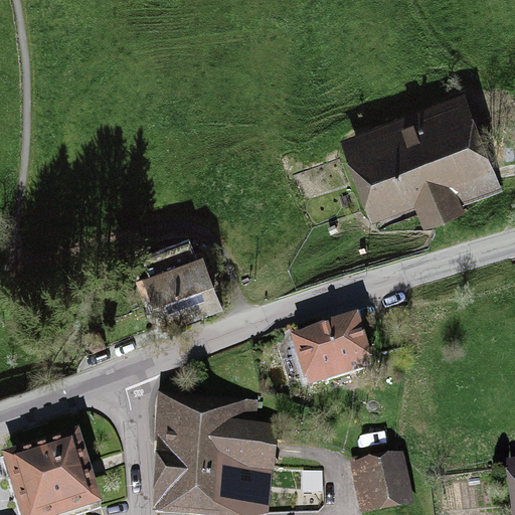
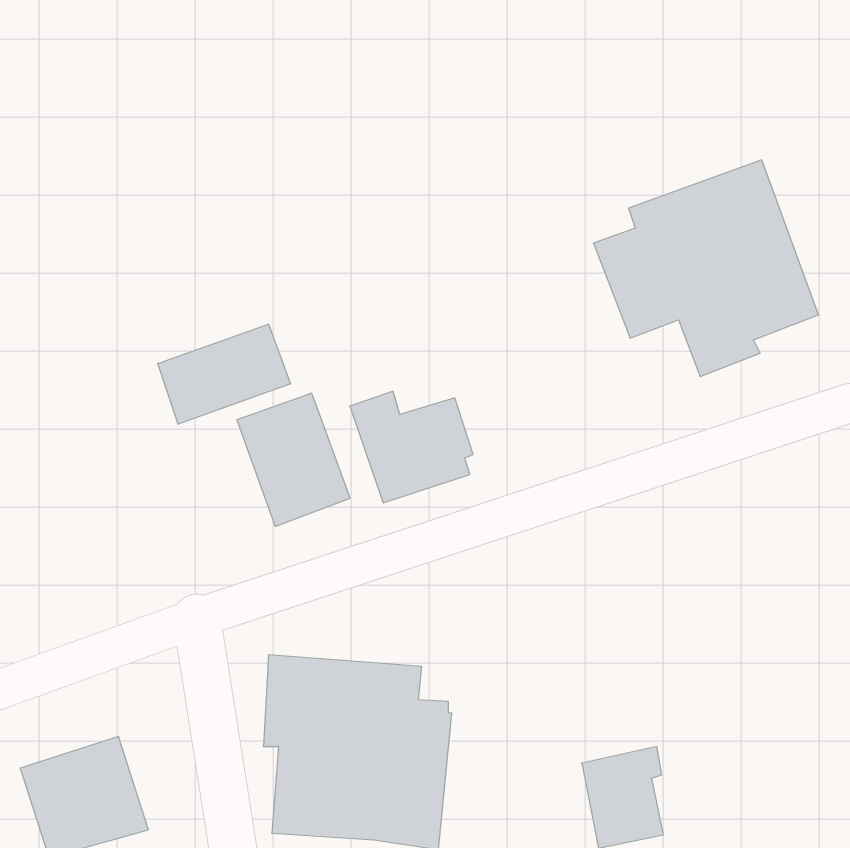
building: none -> [158,324,290,424]
building: [291,321,365,388] -> [350,391,473,503]

